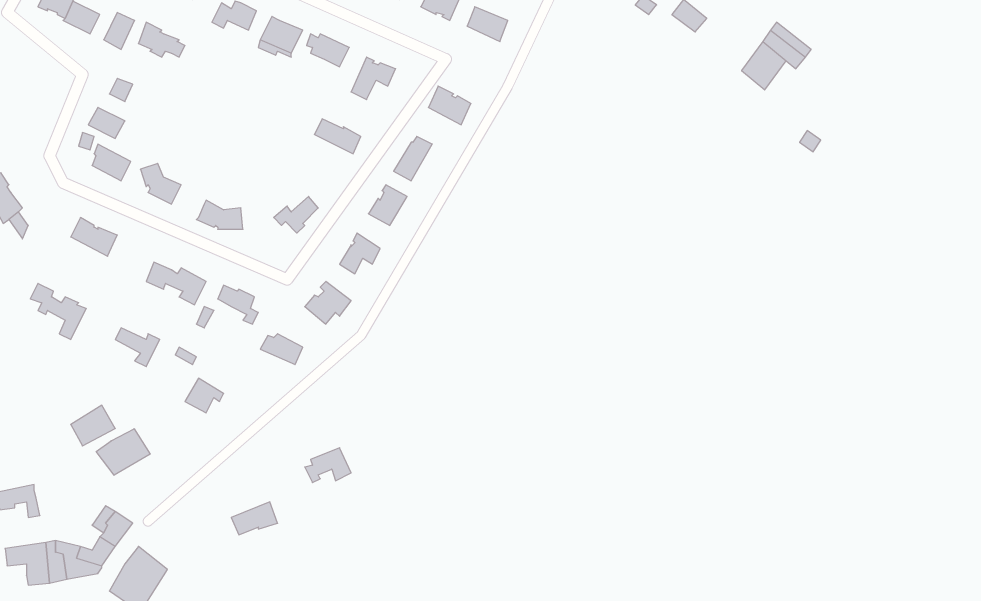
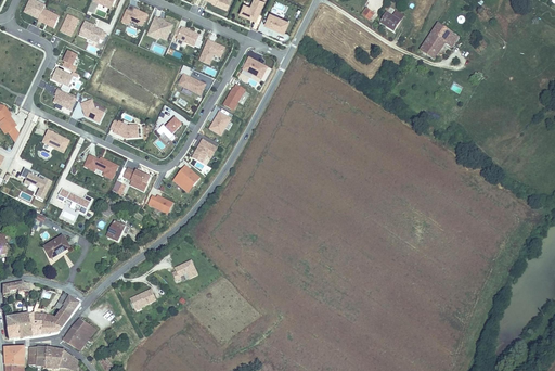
building: [96,429,150,475] -> none

